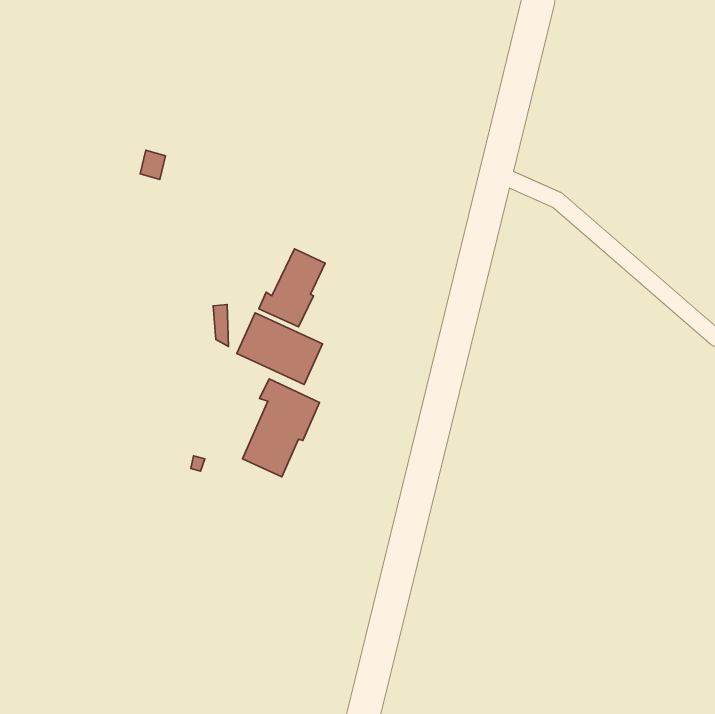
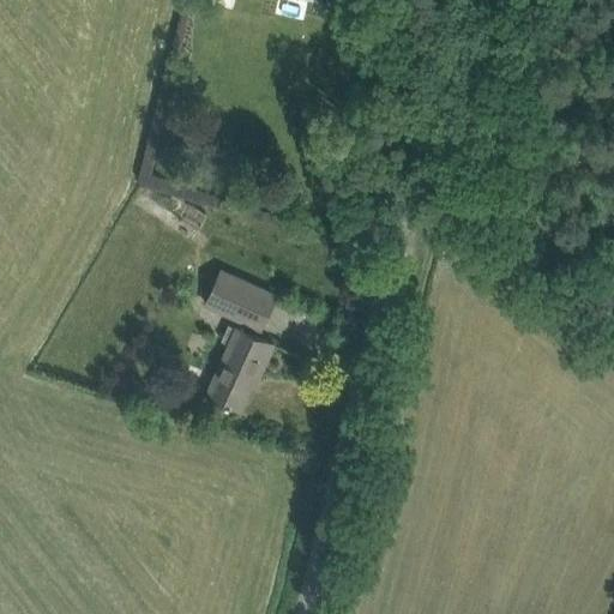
building: [259,249,325,327] -> none

